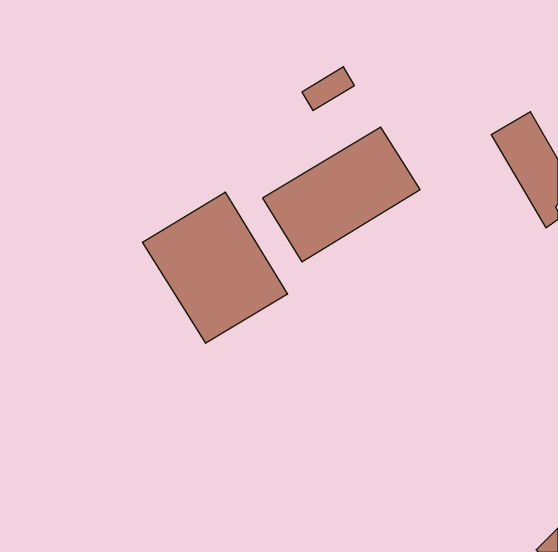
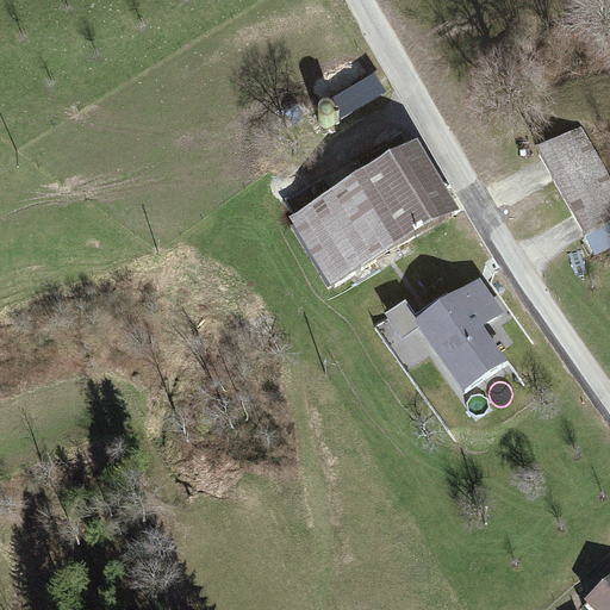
building: [143,192,288,343] -> none
building: none -> [384,274,506,392]

